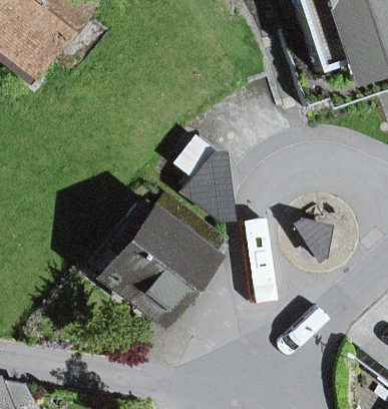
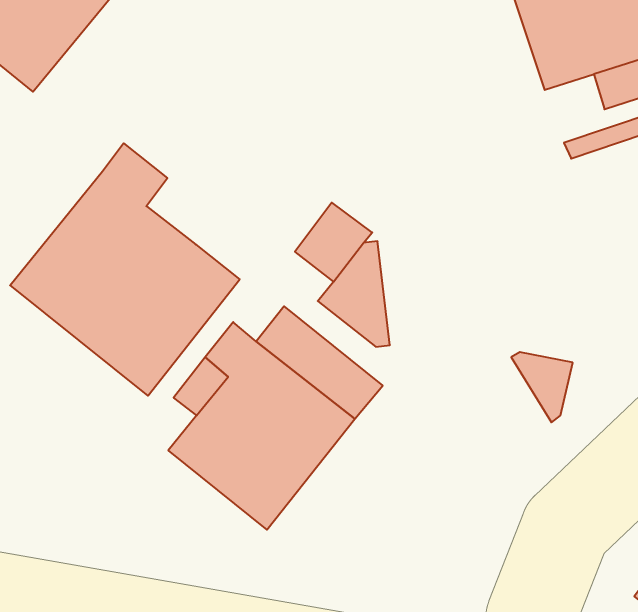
building: none -> [10,143,240,396]

